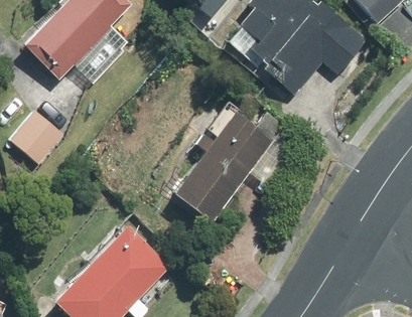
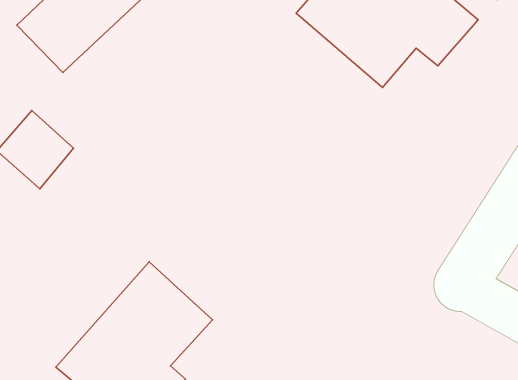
building: [167,105,305,219] -> none

